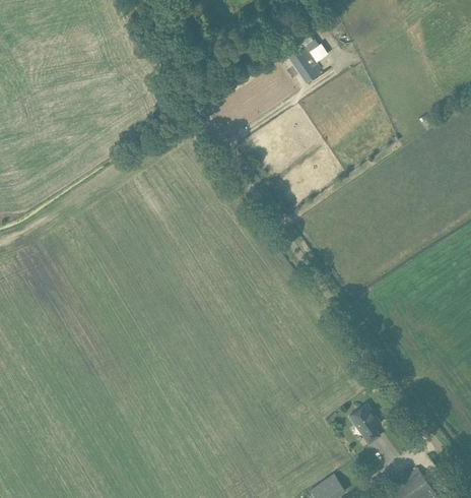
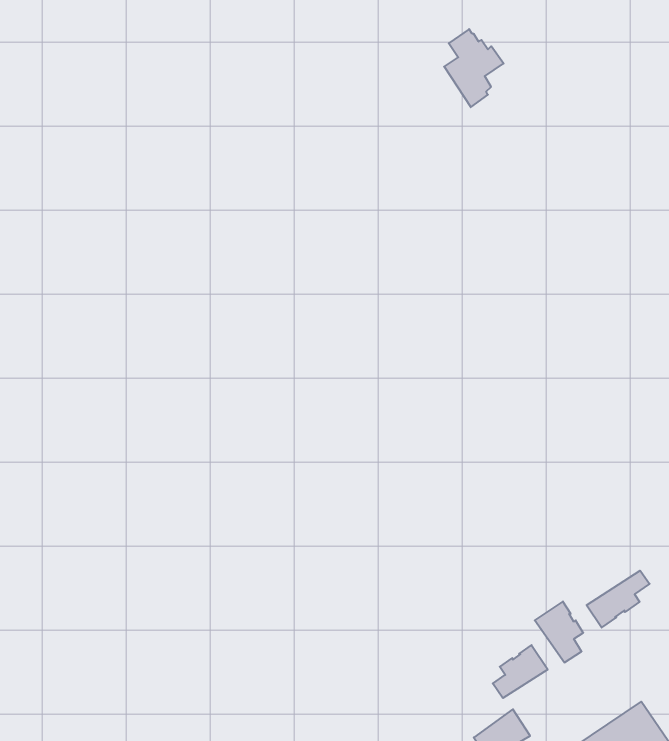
building: none -> [587,571,650,628]
building: none -> [493,645,548,698]

